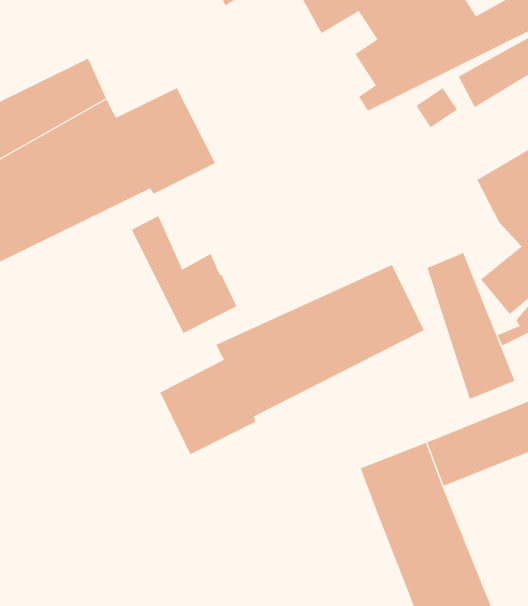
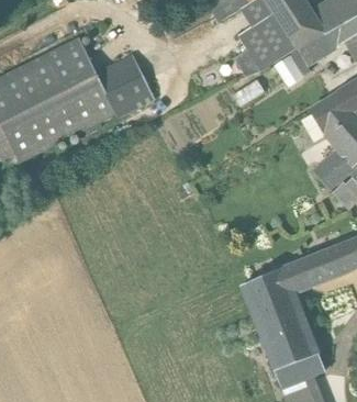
building: [131,215,237,334] -> none
building: [427,252,515,400] -> none
building: [160,264,424,455] -> none

